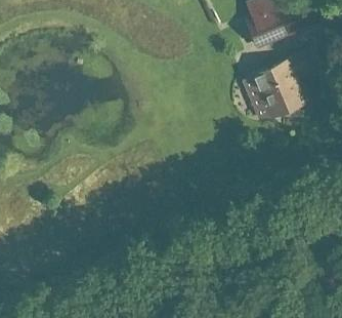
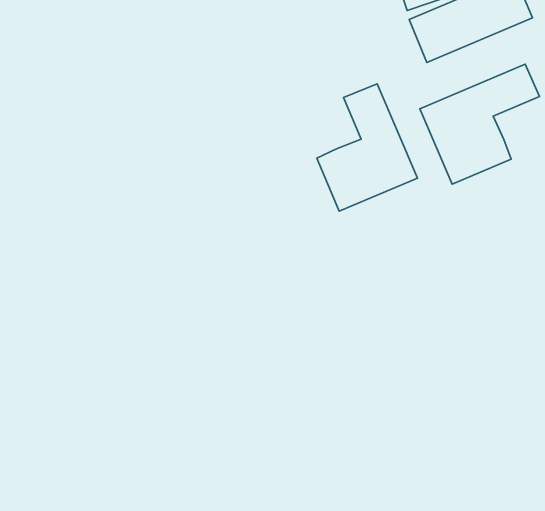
building: none -> [317,84,417,211]

